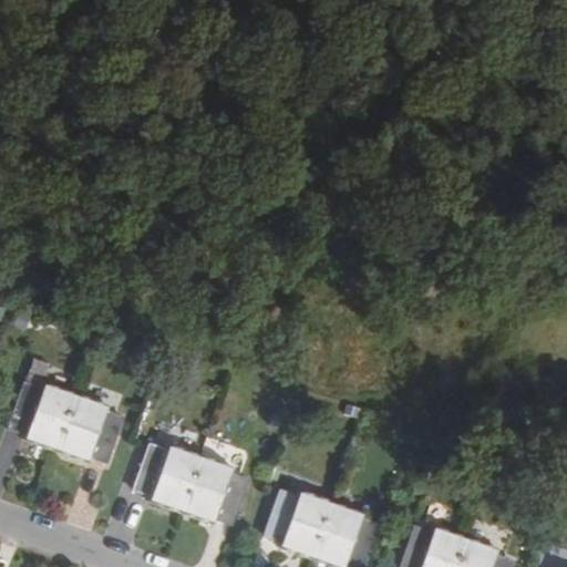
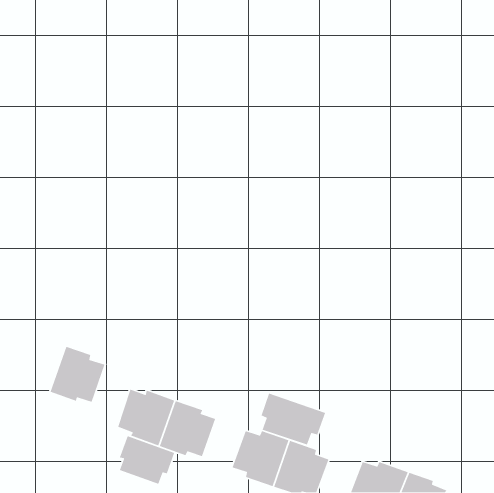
building: [10,382,76,449] -> none
building: none -> [261,393,326,446]
building: none -> [119,435,175,485]

